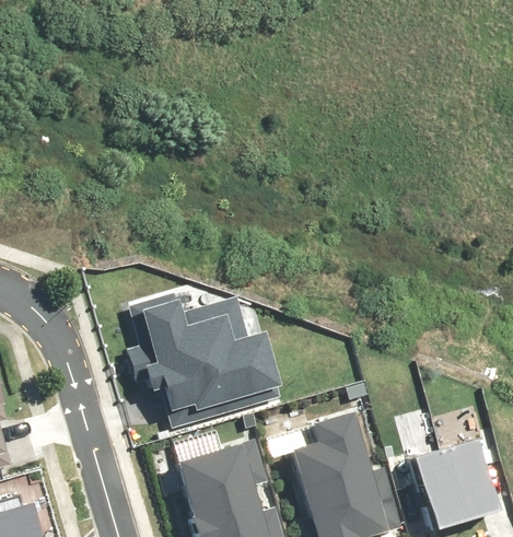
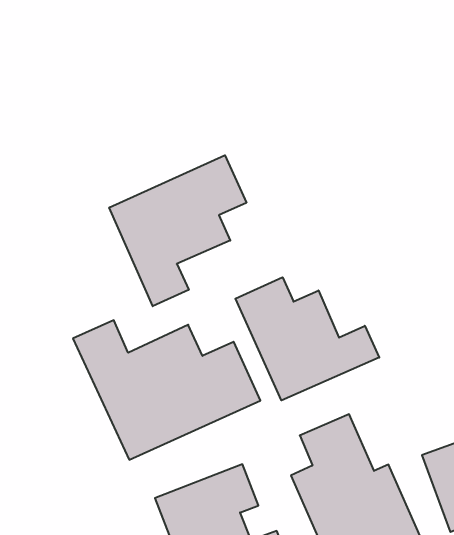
building: none -> [109,155,246,306]
building: none -> [235,277,379,400]

